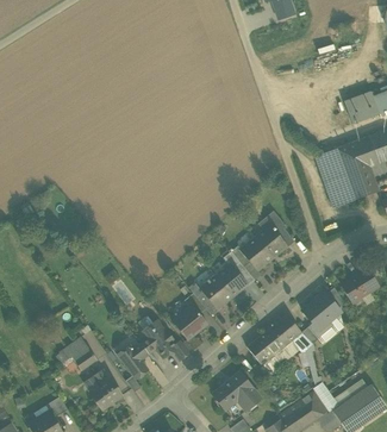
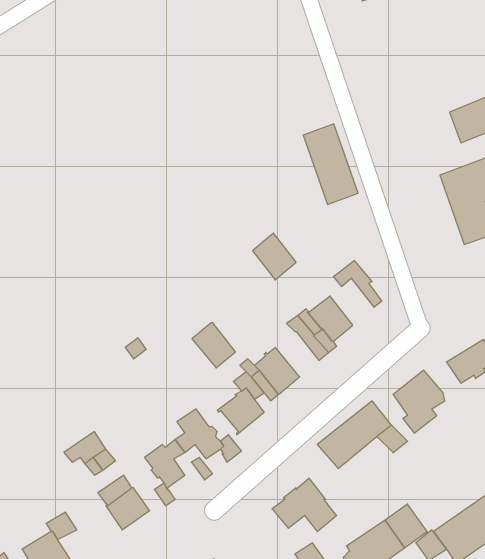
building: [314,148,355,207] -> [303,124,358,204]
building: [256,224,288,258] -> [253,233,296,280]
building: [216,263,248,296] -> [192,323,235,368]

